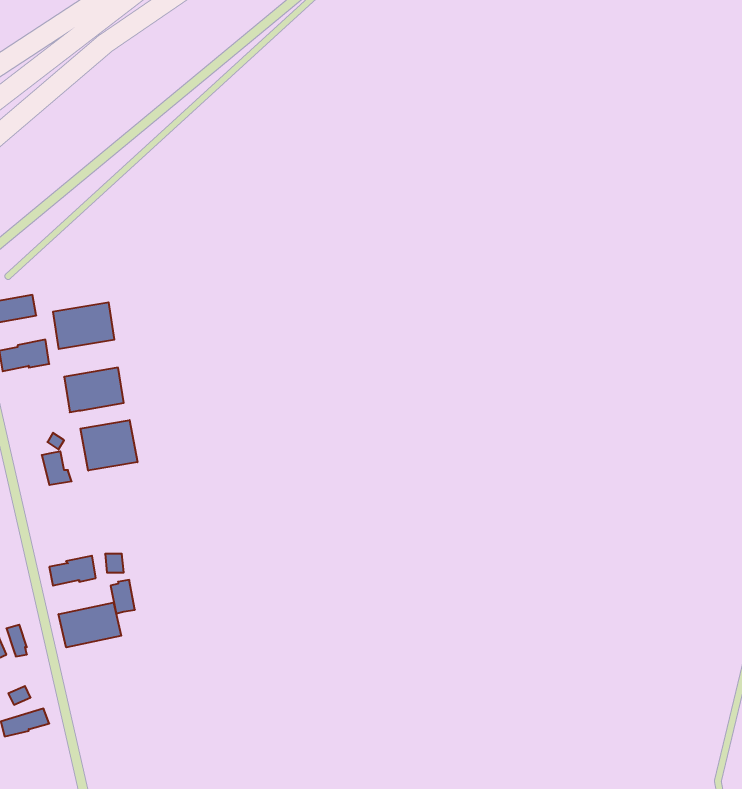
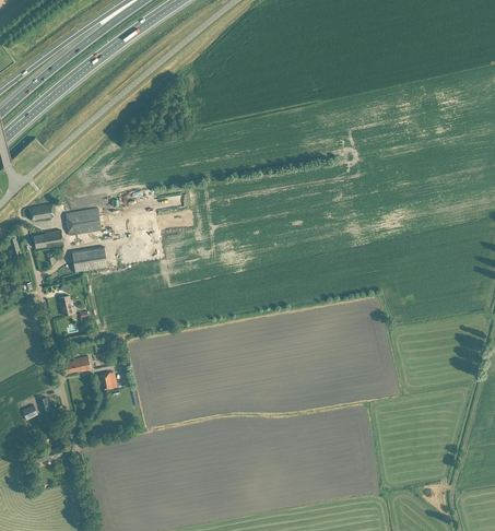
building: [80,420,137,471] -> none
building: [59,602,121,647] -> none

